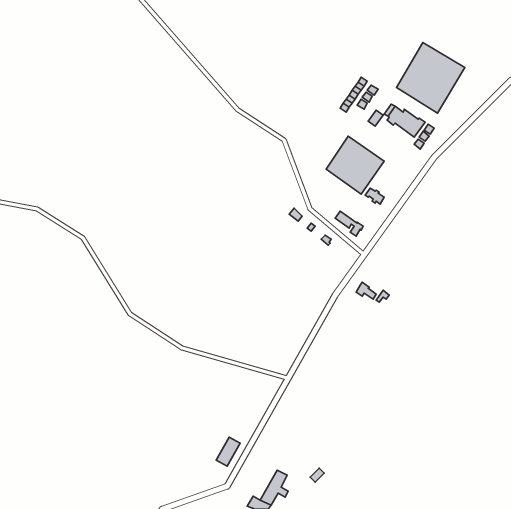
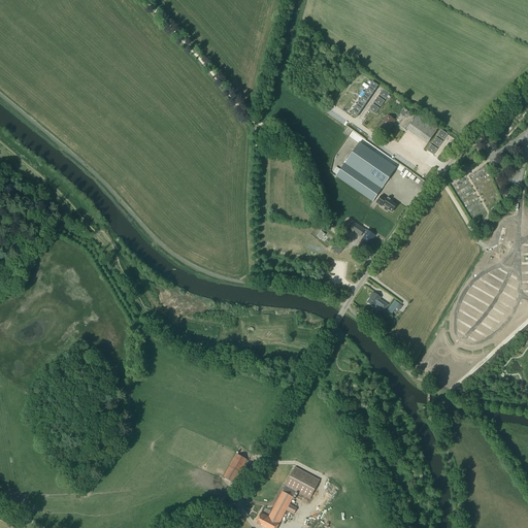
building: [397,42,465,113] -> none
building: none -> [286,465,320,497]

